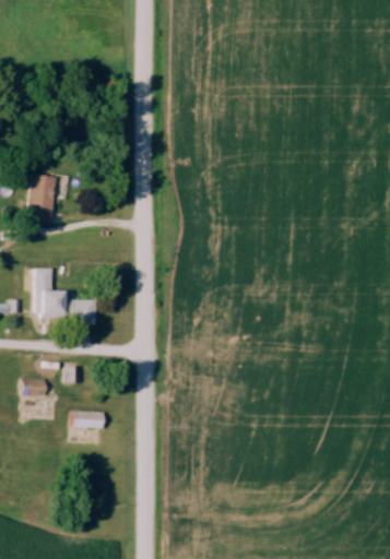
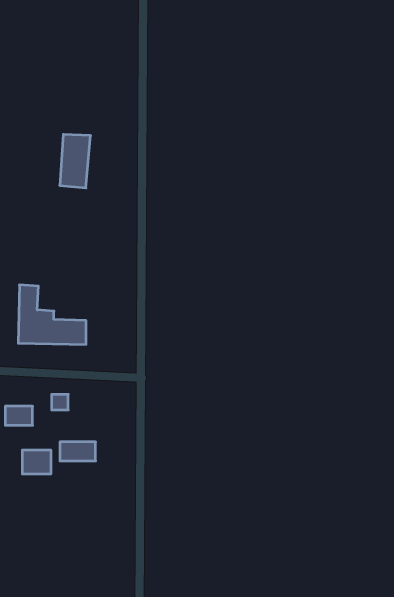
building: [26,174,55,223] -> [60,134,91,188]
building: none -> [22,450,51,474]

